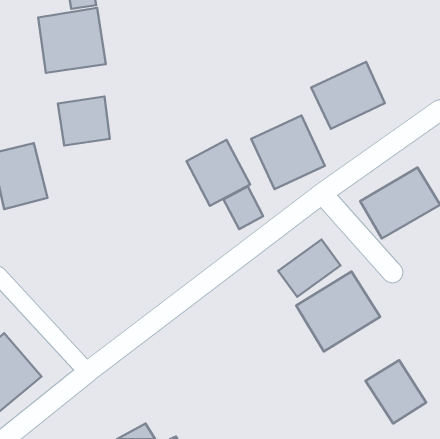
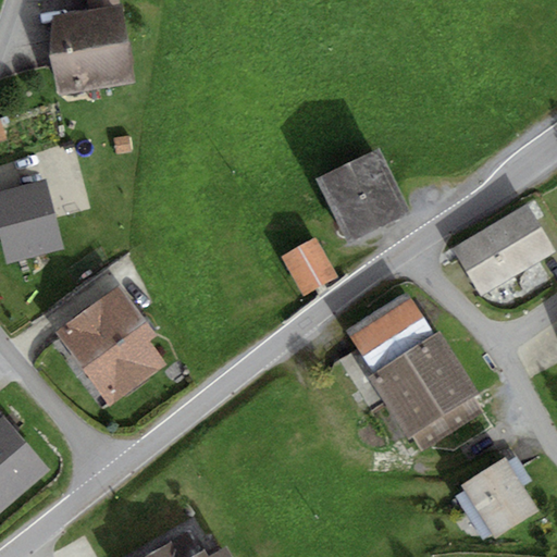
building: [311,62,385,129] -> none
building: [58,96,110,145] -> none
building: [186,140,250,206] -> none
building: none -> [55,286,163,396]

